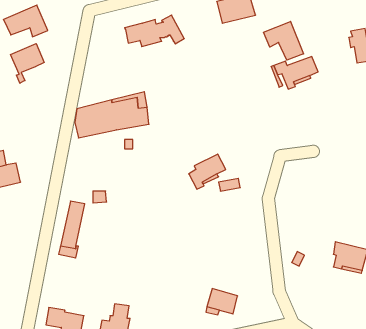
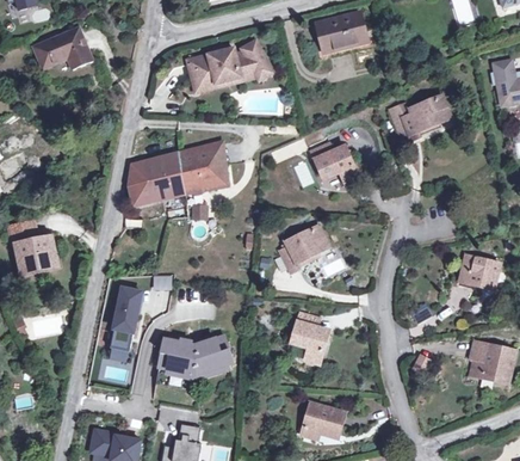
building: [264,21,304,60] -> none
building: none -> [190,60,259,91]
building: [10,44,44,83] -> none
building: none -> [311,142,358,180]
building: none -> [459,254,499,289]
building: none -> [292,313,327,362]
building: none -> [159,336,233,377]

